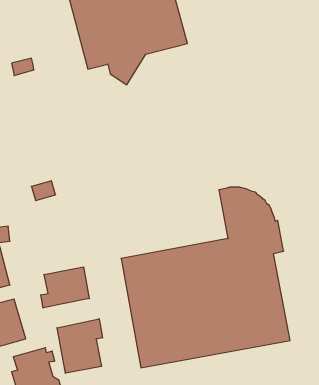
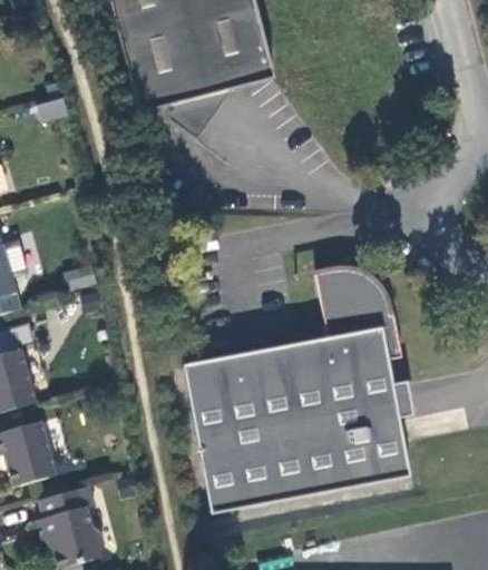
building: [41,267,89,308] -> none
building: [57,319,102,373] -> none

